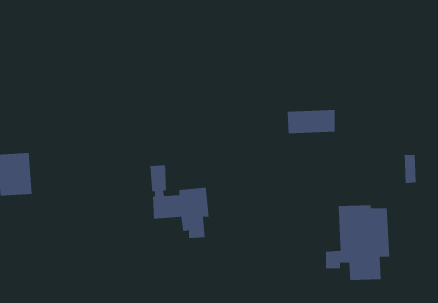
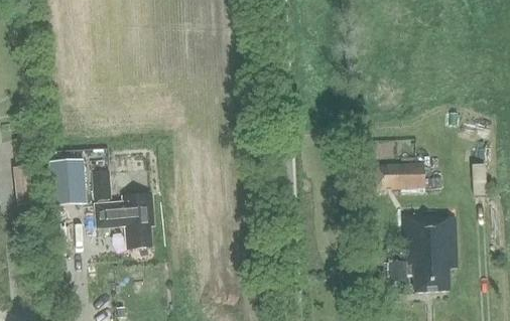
building: [287,109,335,134] -> [376,163,426,188]
building: [149,165,210,238] -> [92,171,154,248]

